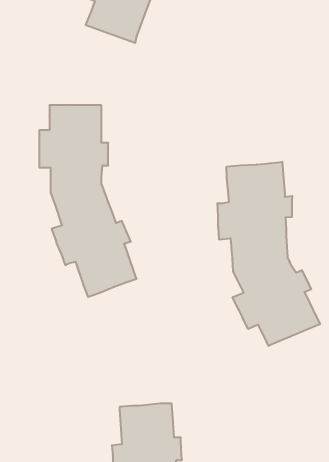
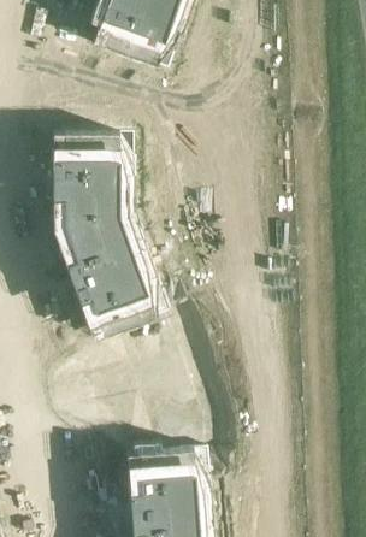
building: [218,162,320,346] -> none

